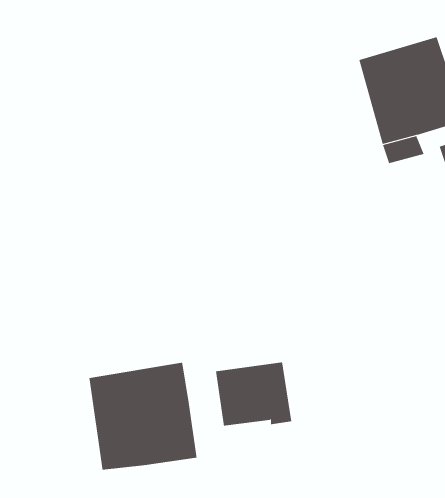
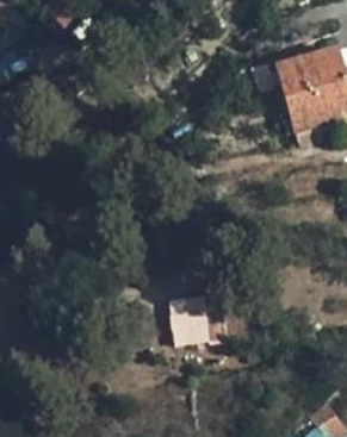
building: [89,362,197,470] -> none

